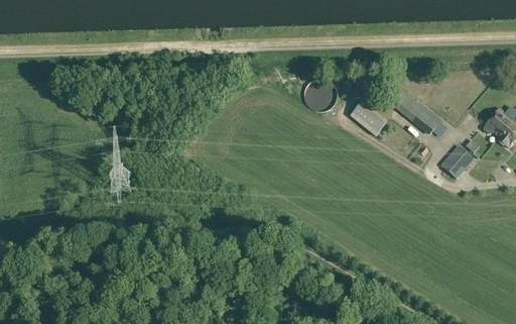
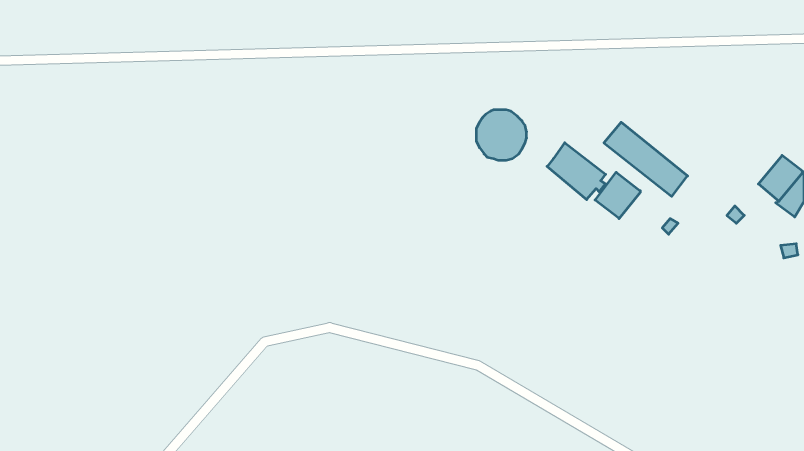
building: none -> [595,172,640,219]
building: [440,145,474,179] -> none

